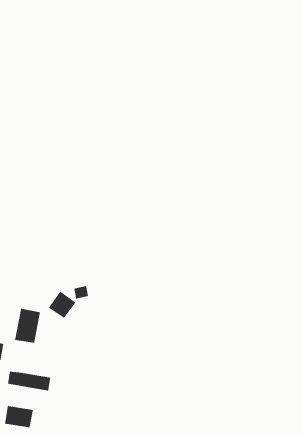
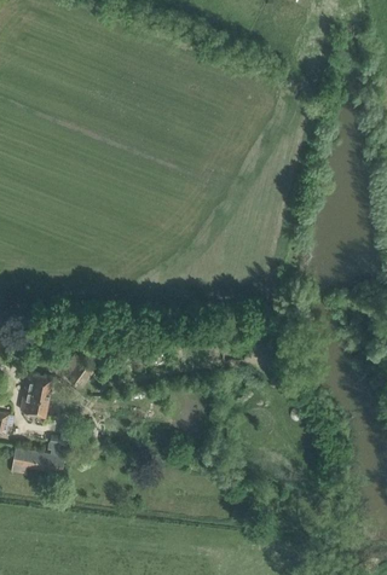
building: [4,405,34,428] -> none

